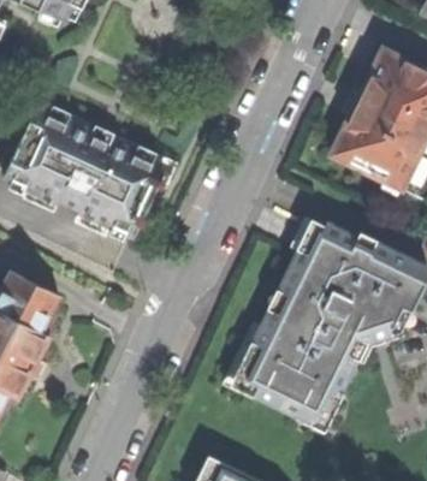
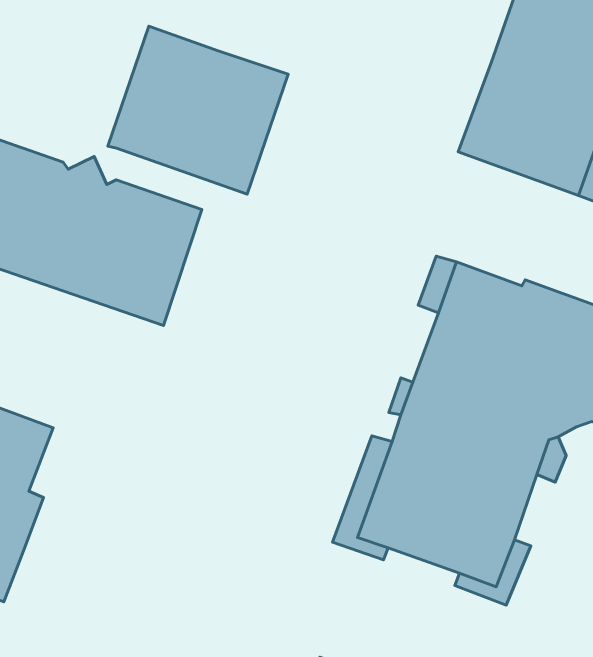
building: none -> [108,26,288,194]

